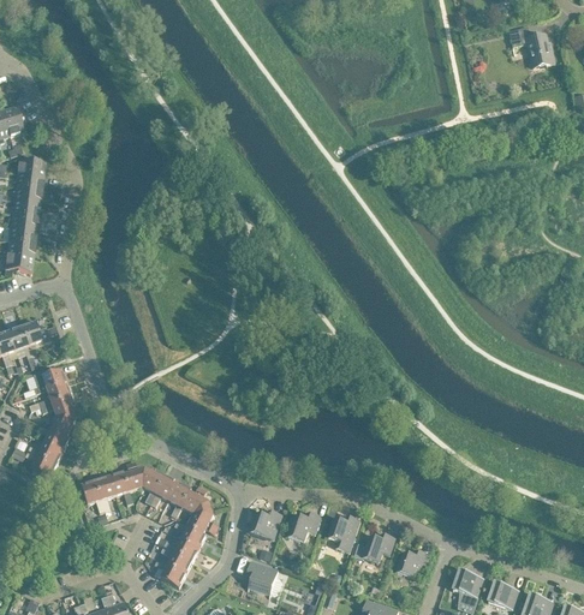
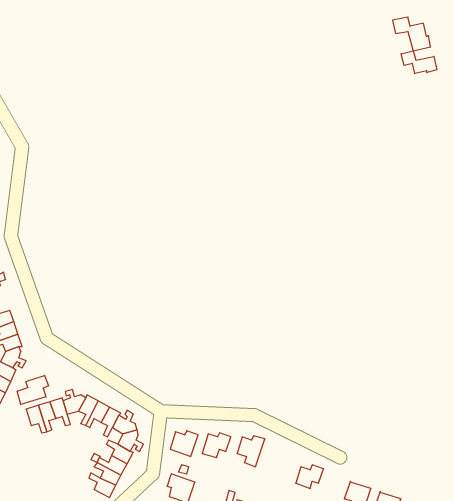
building: none -> [401,51,437,74]
building: none -> [17,375,48,405]
building: [354,532,395,562] -> none

